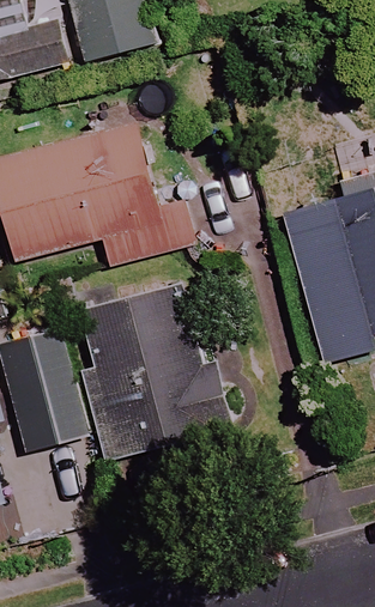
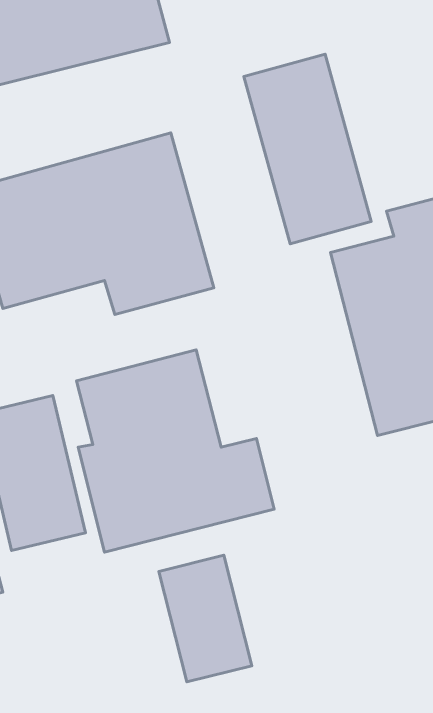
building: none -> [244,54,371,244]
building: none -> [159,555,252,682]

